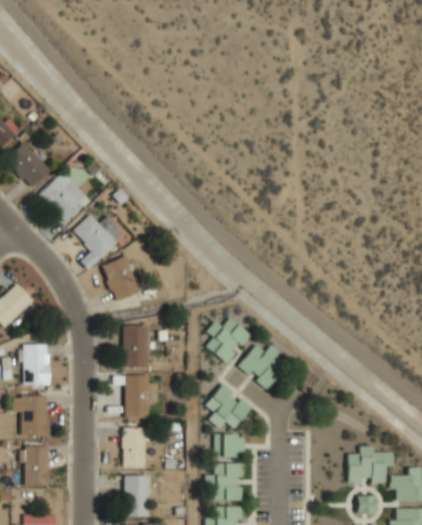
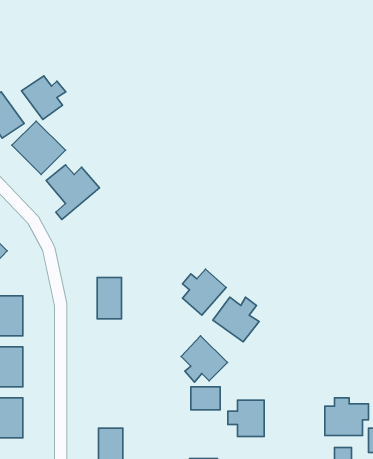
building: none -> [22,76,66,120]
building: [103,256,140,301] -> none
building: [125,376,152,417] -> none
building: [123,427,146,467] -> none
building: [207,465,243,501] -> [228,400,264,437]

